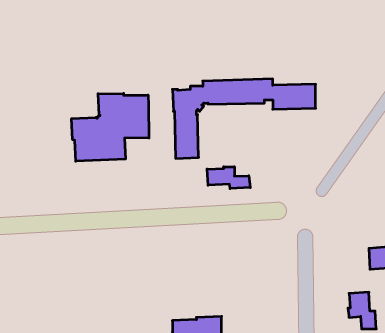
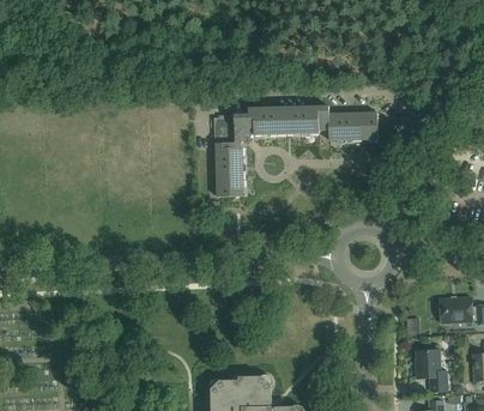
building: [72,93,149,161] -> none
building: [207,167,250,189] -> none

